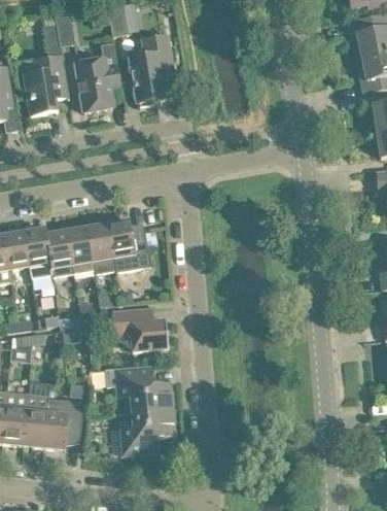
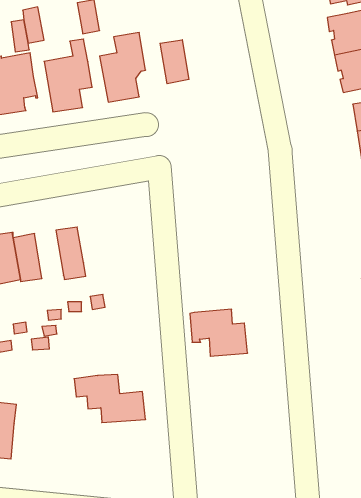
building: none -> [160,40,189,84]
building: [107,220,150,272] -> none
building: [66,227,94,273] -> none
building: [112,307,168,352] -> [190,309,248,356]
building: [43,395,83,449] -> none
building: [120,409,175,455] -> none

